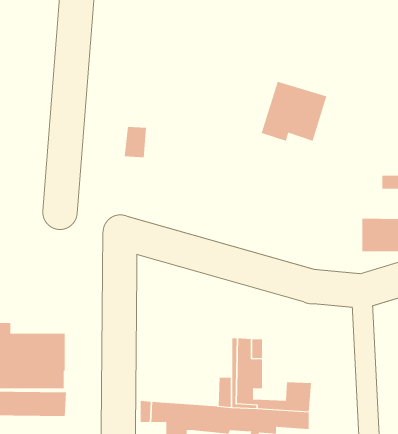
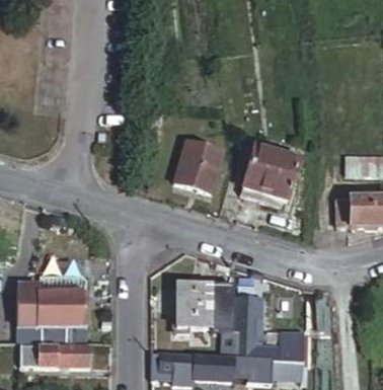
building: [261,81,327,141] -> [241,147,299,200]
building: none -> [176,140,224,190]
building: none -> [177,286,211,327]

